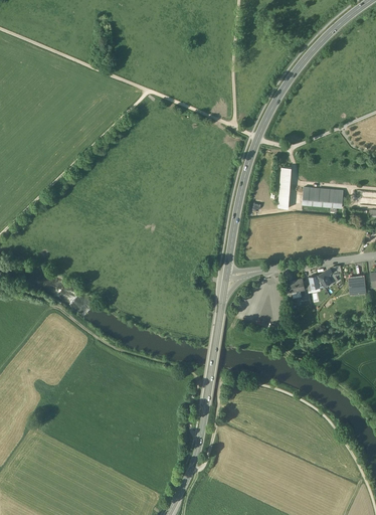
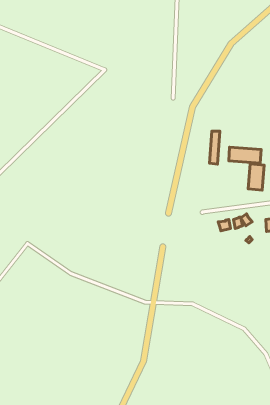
building: none -> [248,164,264,190]

